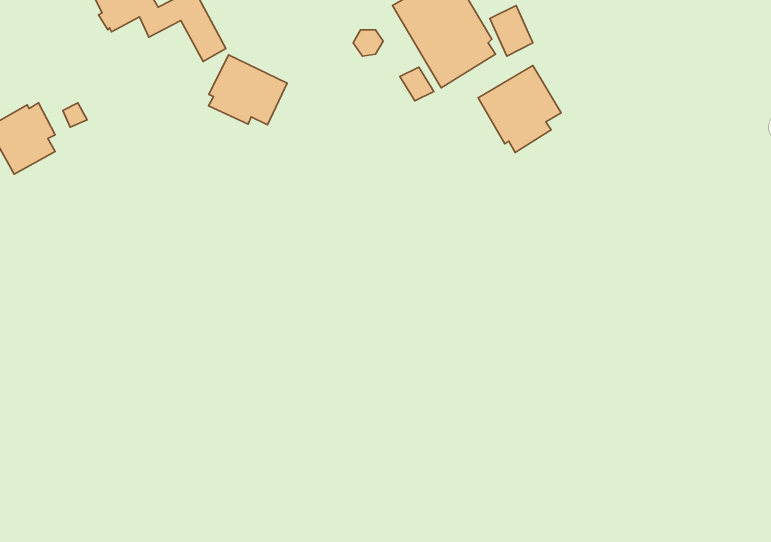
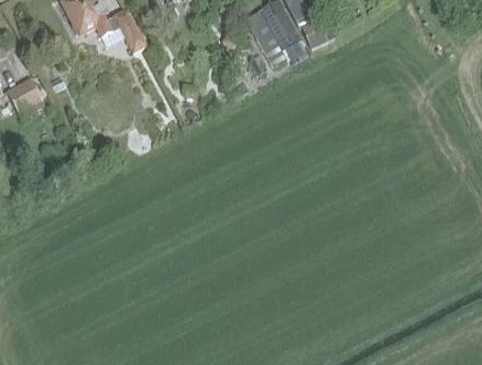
building: [208,55,287,125] -> none
building: [478,66,561,152] -> none

